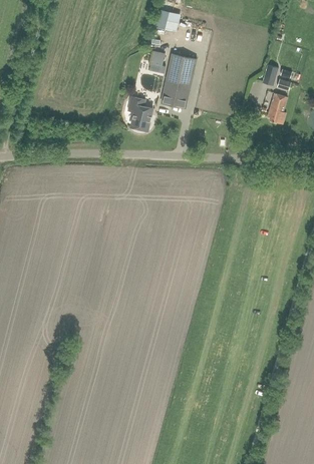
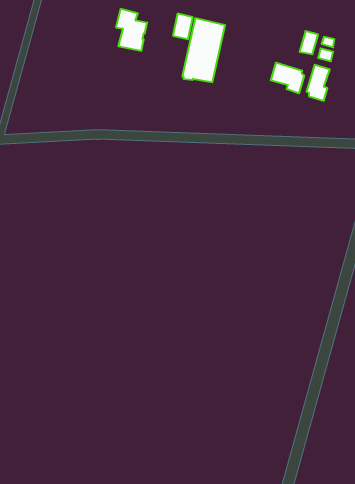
building: none -> [271,63,304,93]
building: [126,95,153,131] -> [116,9,147,51]

